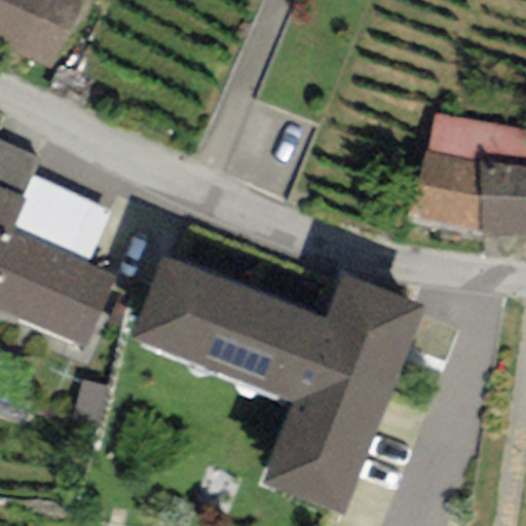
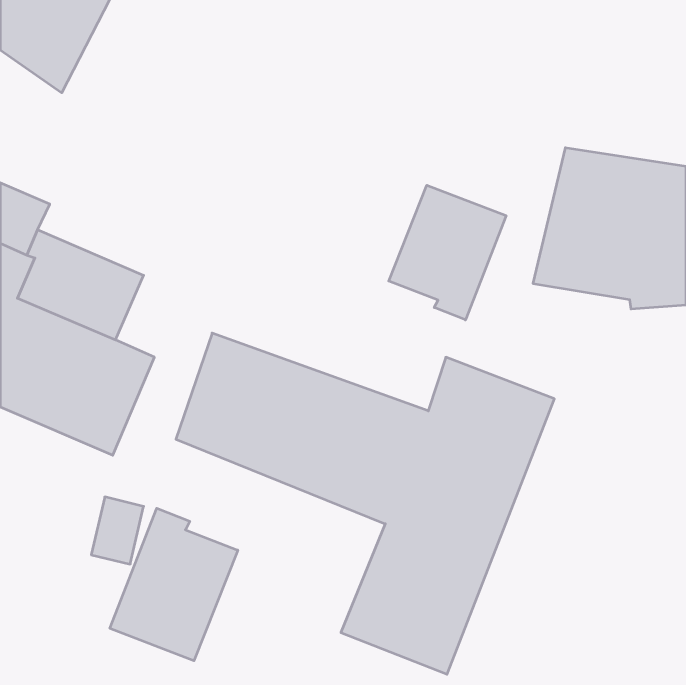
building: none -> [389,185,506,320]
building: none -> [110,508,238,661]

